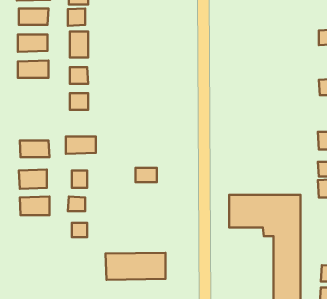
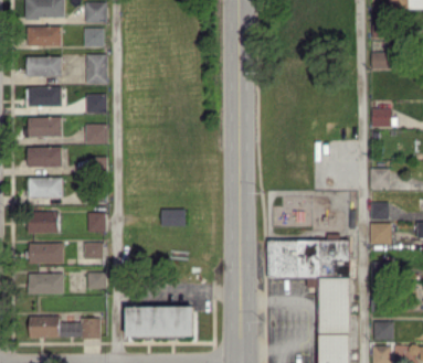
building: none -> [29,117,62,137]
building: [66,137,96,154] -> [28,148,62,168]
building: none -> [28,274,64,295]
building: none -> [30,317,101,338]

